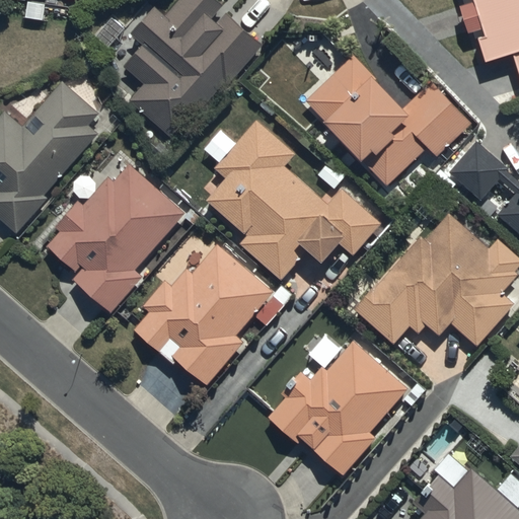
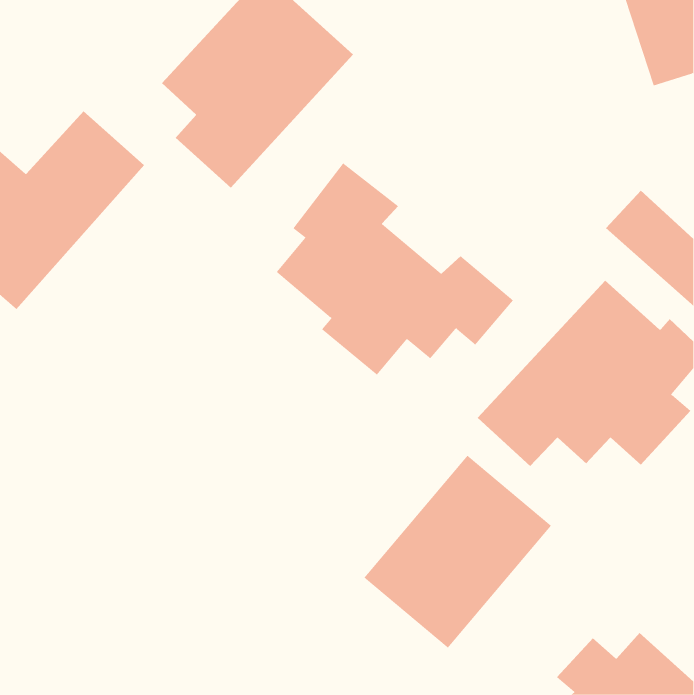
building: [305,56,465,188] -> none
building: [40,160,188,311] -> none
building: [129,242,276,384] -> none

